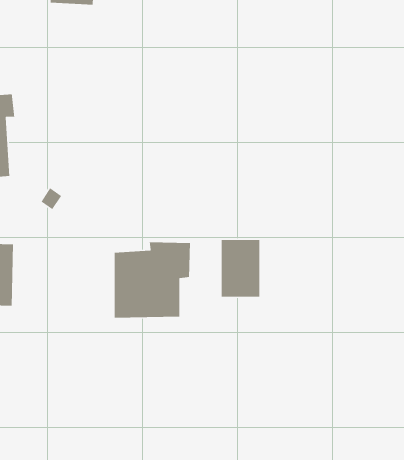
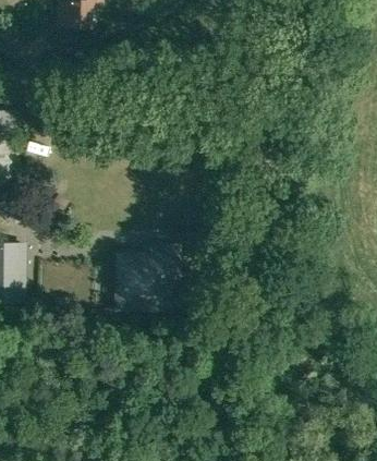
building: [221,239,260,297] -> none

